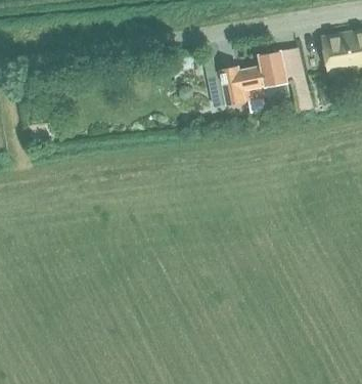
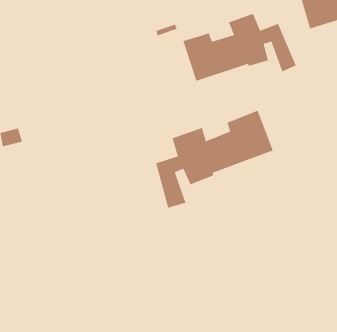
building: none -> [155,110,273,208]

